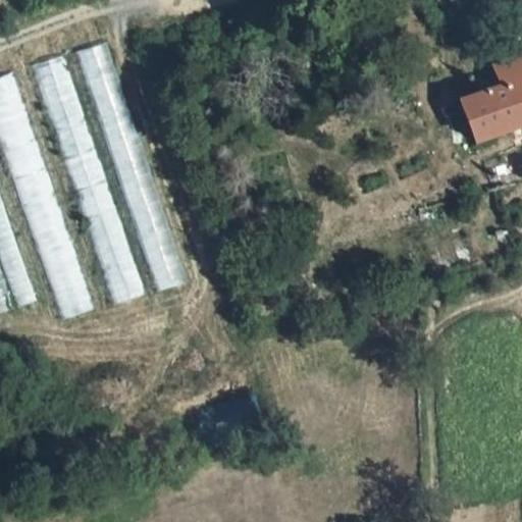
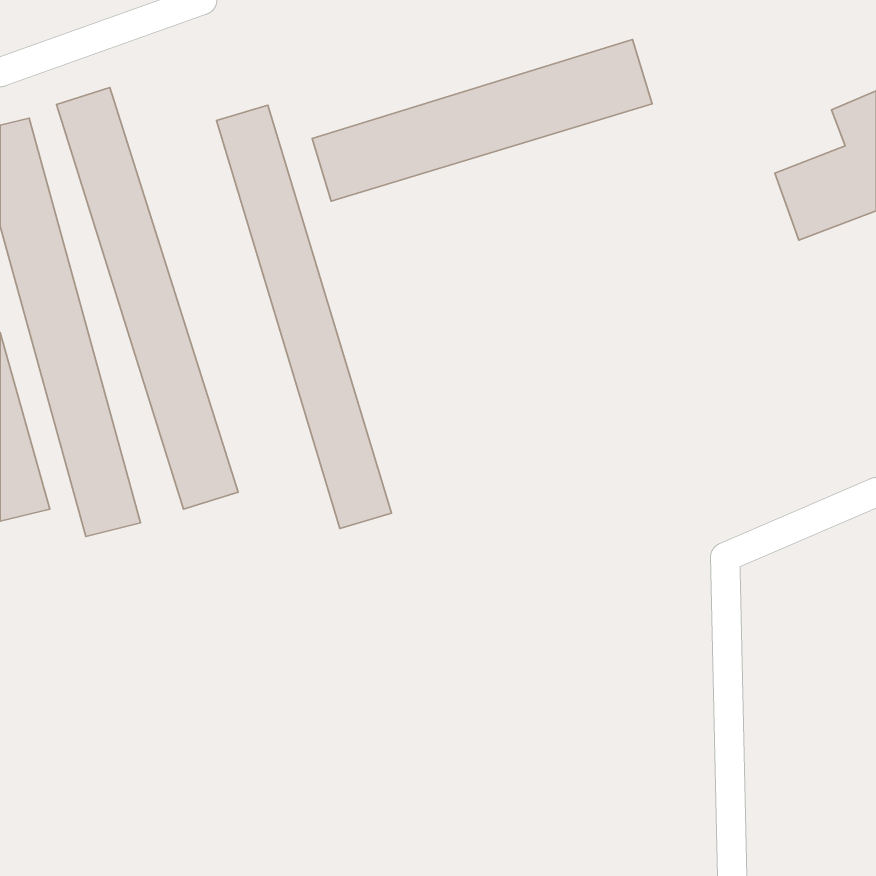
building: none -> [312,40,652,201]
building: [79,39,182,291] -> [216,105,391,529]

